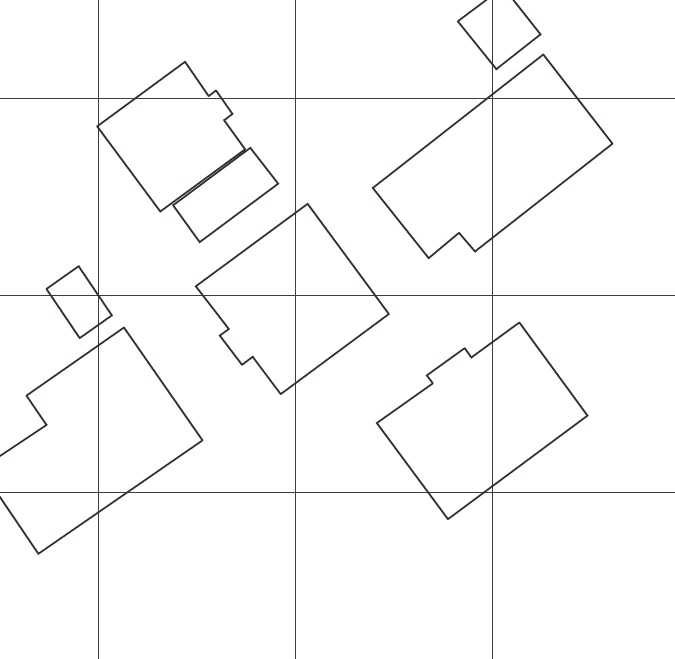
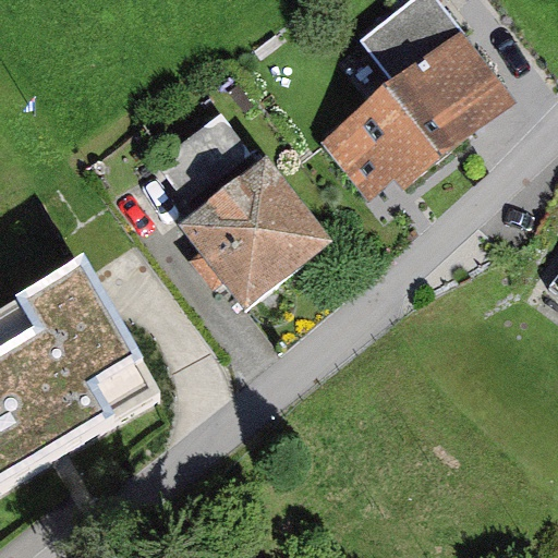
building: [97,62,245,212] -> none
building: [377,323,588,519] -> none

